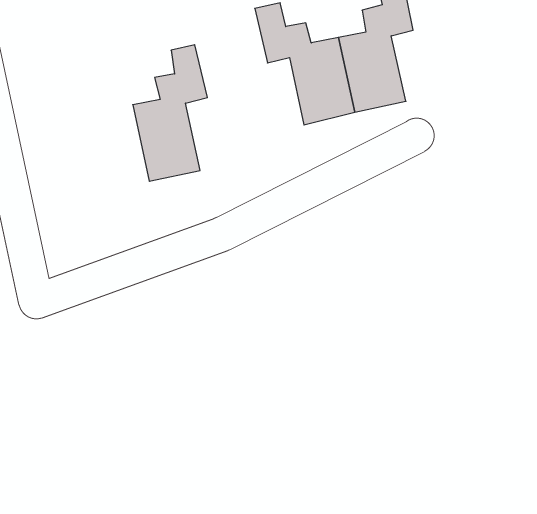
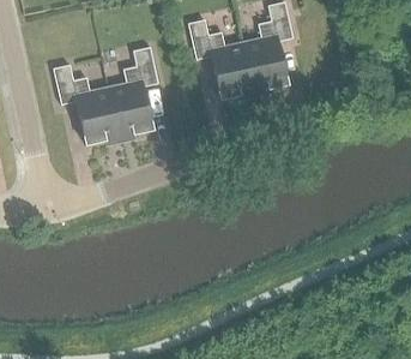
building: none -> [53,64,119,144]

